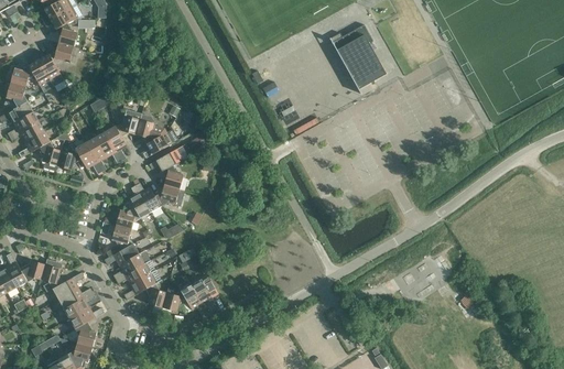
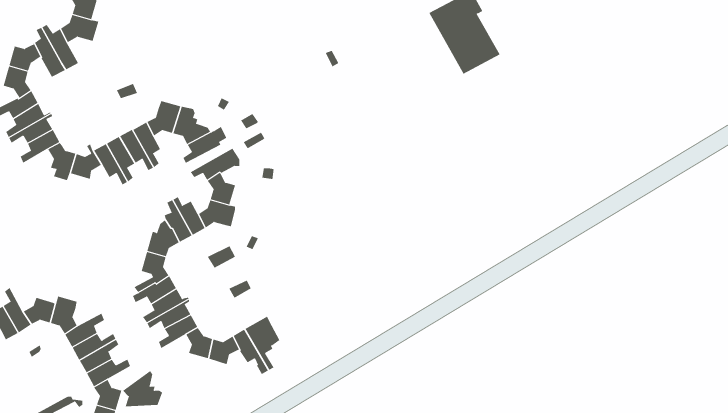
building: none -> [122,370,163,407]

